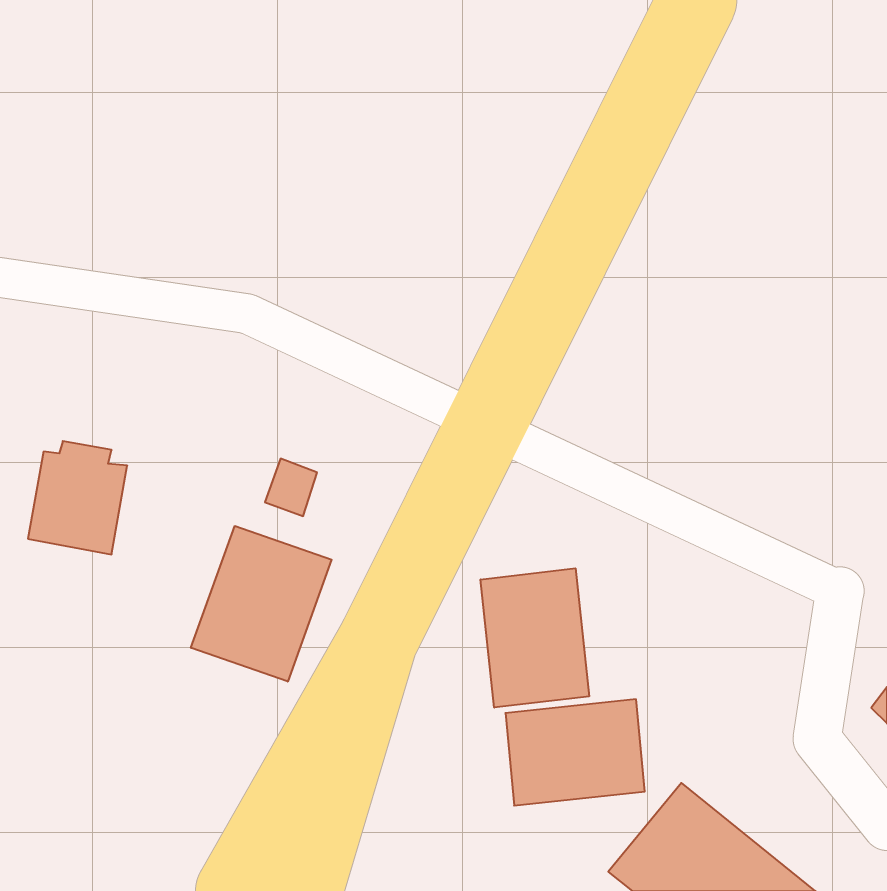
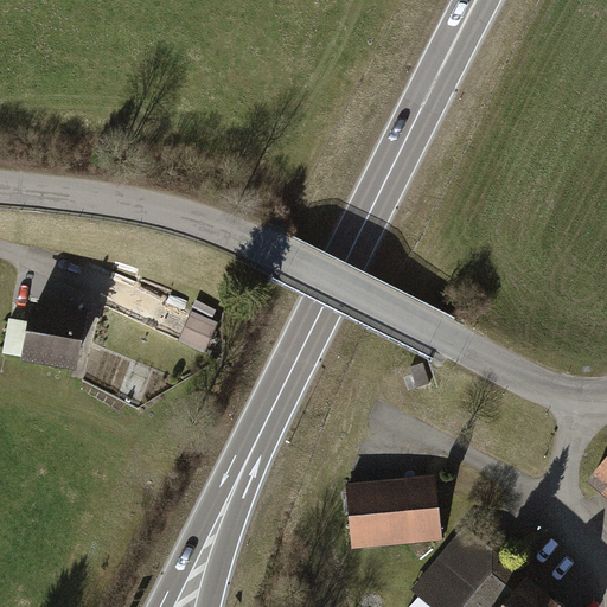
building: [191,526,332,682] -> none
building: [481,568,589,708] -> none

